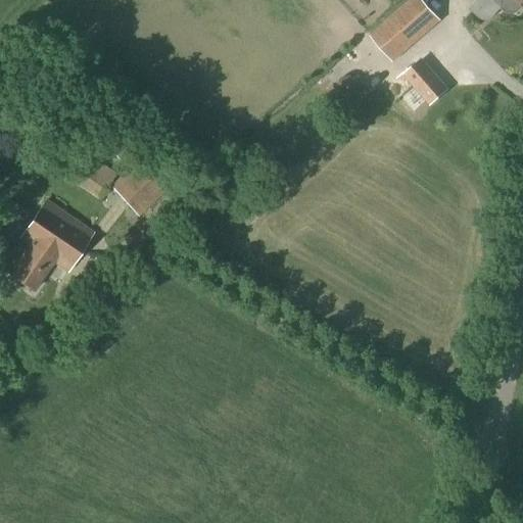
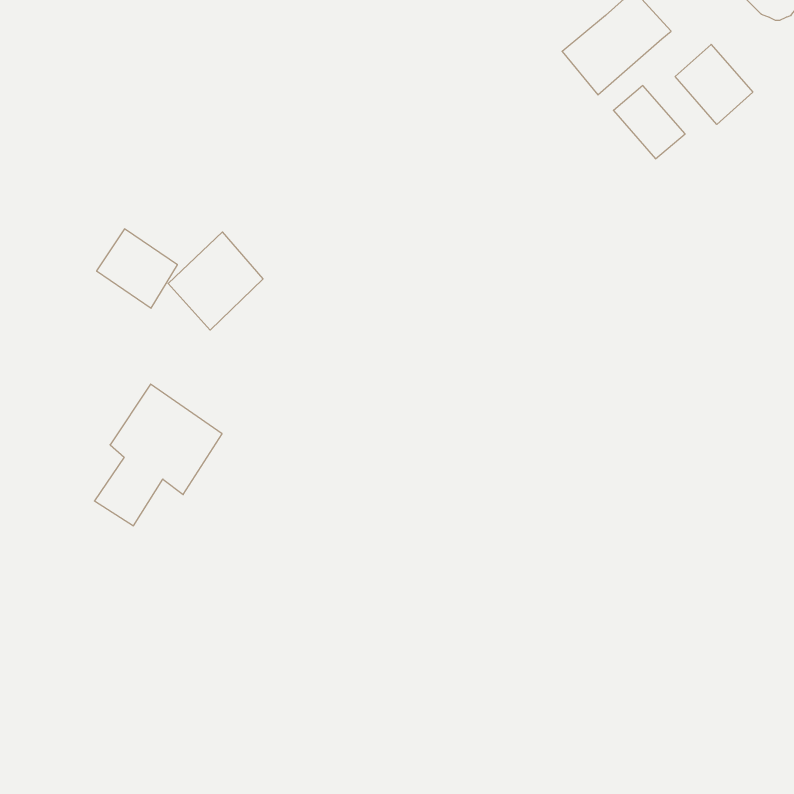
building: none -> [675,44,753,124]
building: [9,199,93,292] -> [94,384,222,526]

